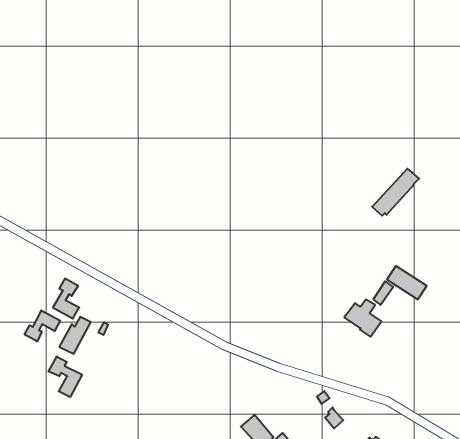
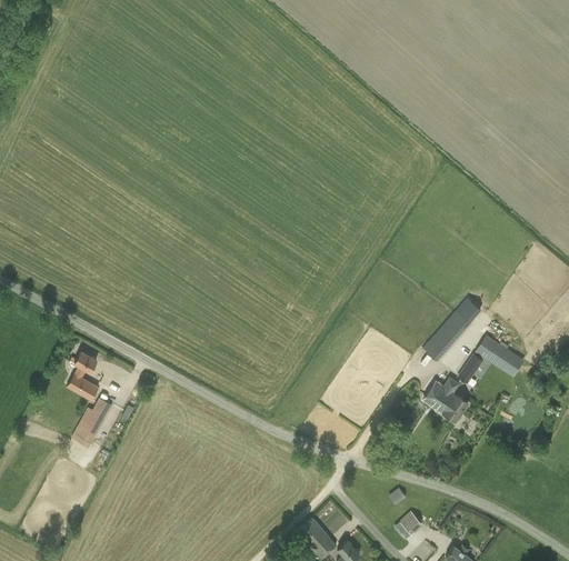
building: [372,169,419,216] -> [421,305,479,363]
building: [25,310,60,342] -> none
building: [49,356,82,397] -> none

